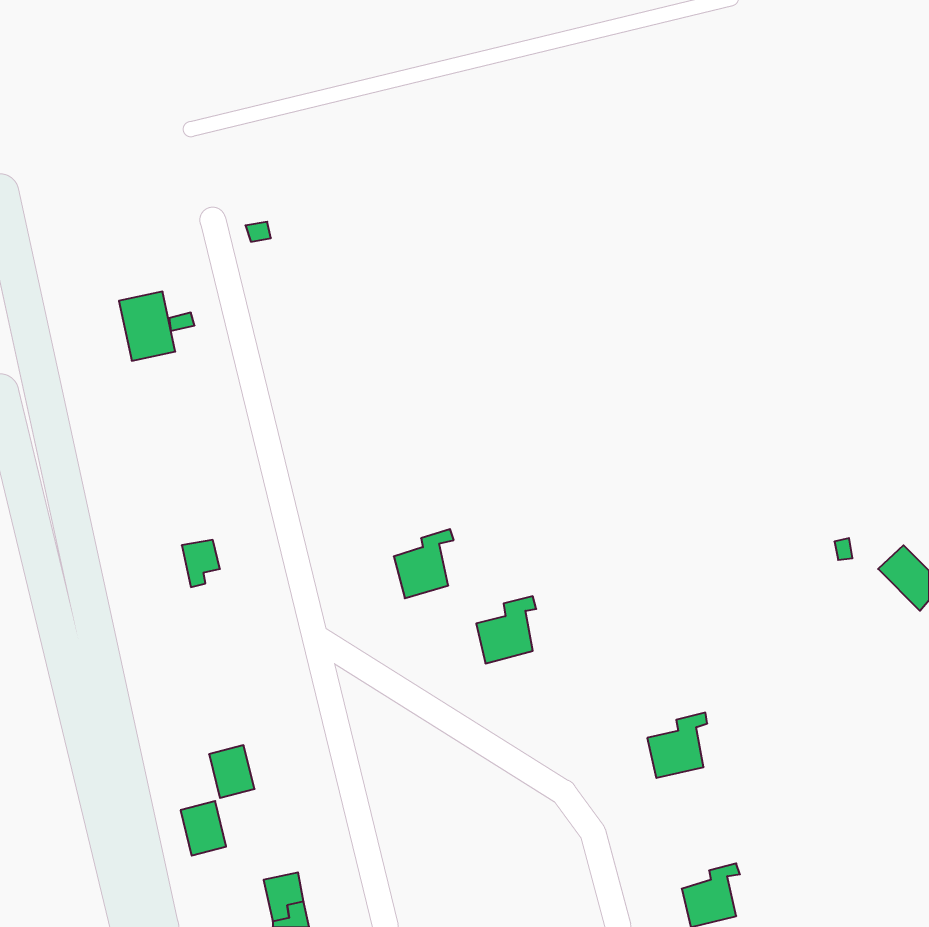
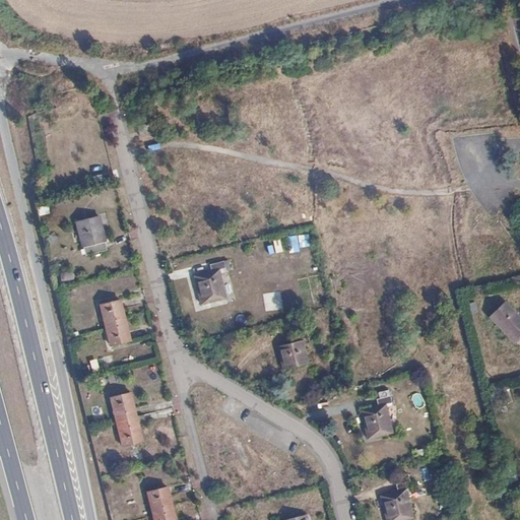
building: [119,292,175,361] -> [78,217,110,256]
building: [394,529,454,598] -> [200,265,234,304]
building: none -> [107,318,129,346]
building: [181,801,226,856] -> [111,391,136,421]

